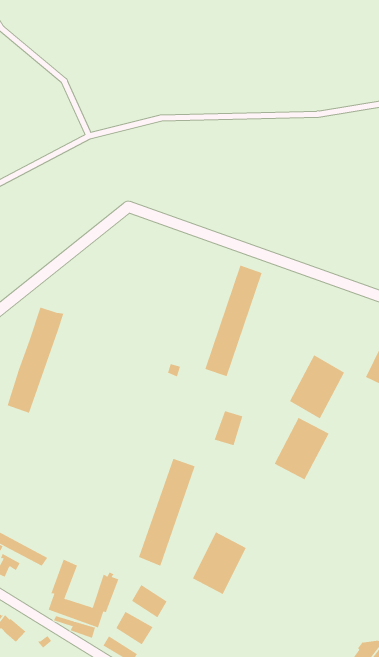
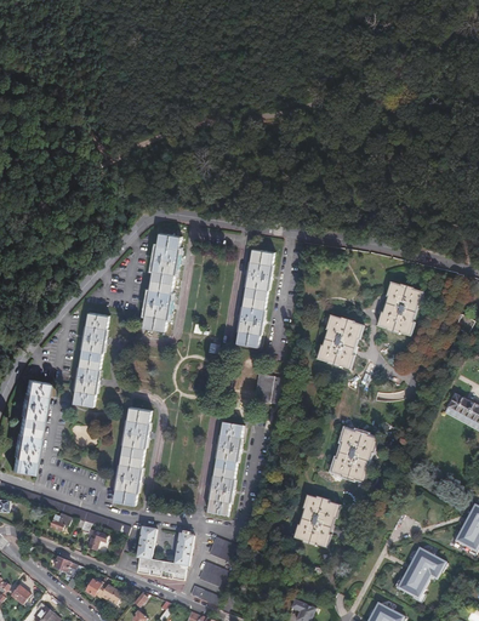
building: none -> [143,232,181,329]
building: [274,417,329,480] -> [332,426,376,479]
building: none -> [113,406,150,505]
building: [192,531,247,595] -> [295,492,337,546]

